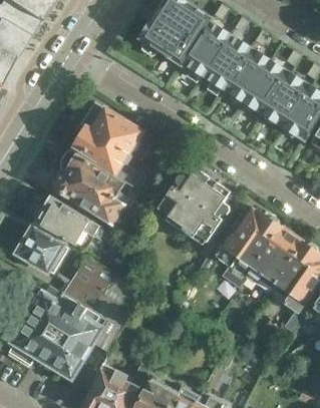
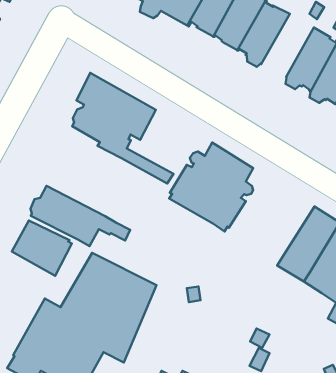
building: [243,60,290,114] -> none
building: [55,153,140,230] -> none
building: [200,209,282,288] -> none

